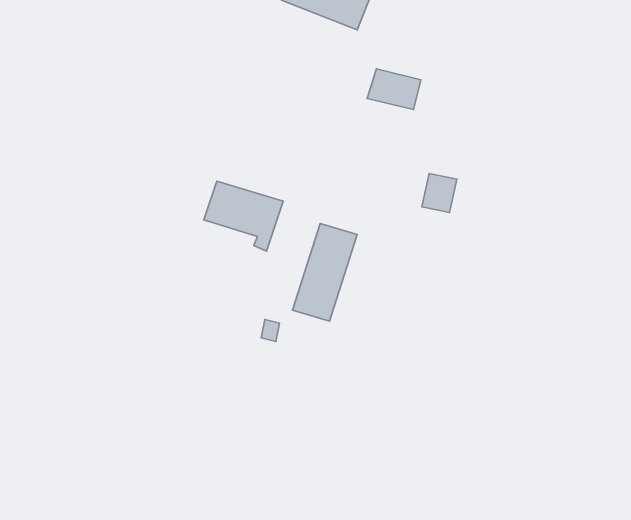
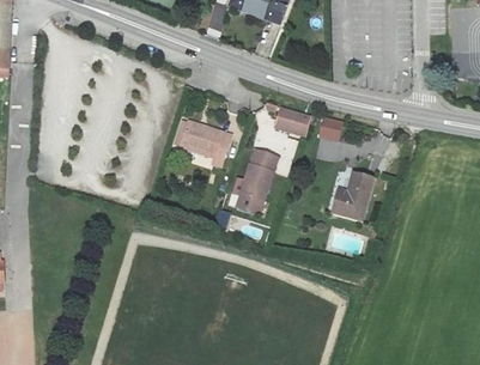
building: [367,69,421,110] -> [275,107,310,133]
building: none -> [334,170,373,217]

